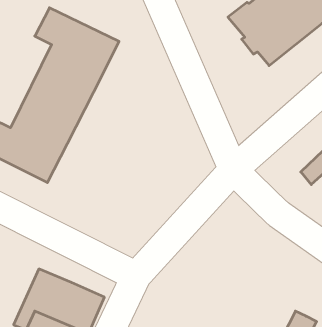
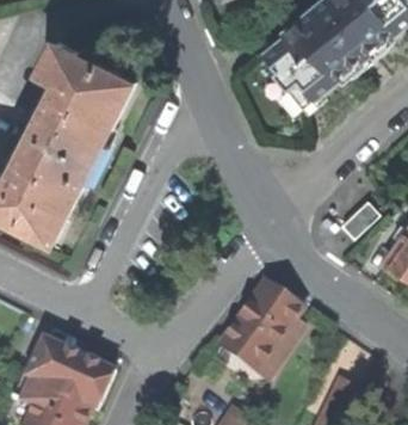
building: none -> [211,278,299,378]

